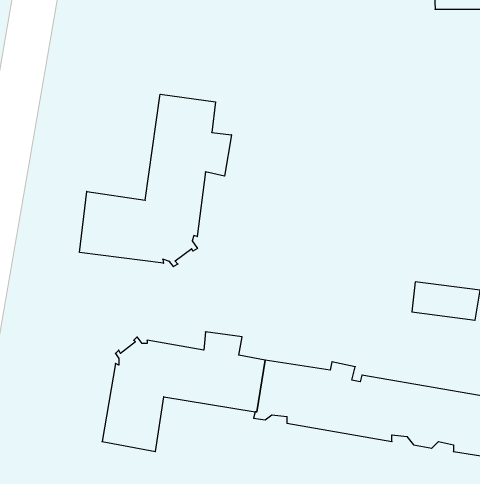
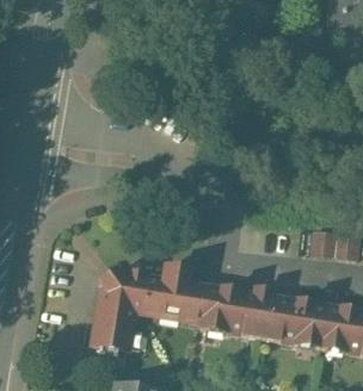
building: [80,94,231,267] -> none

